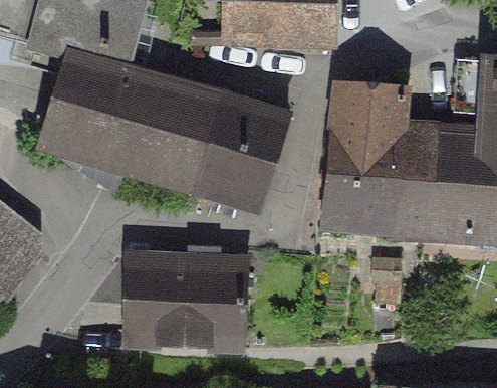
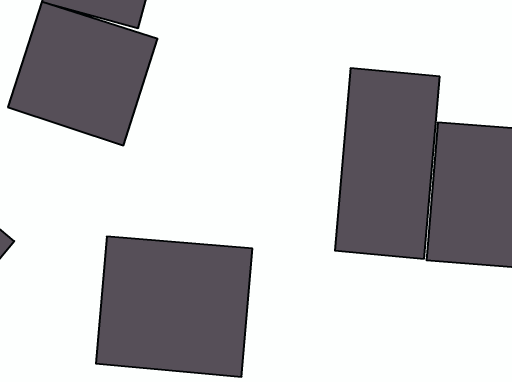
building: [138,72,262,190] -> none

